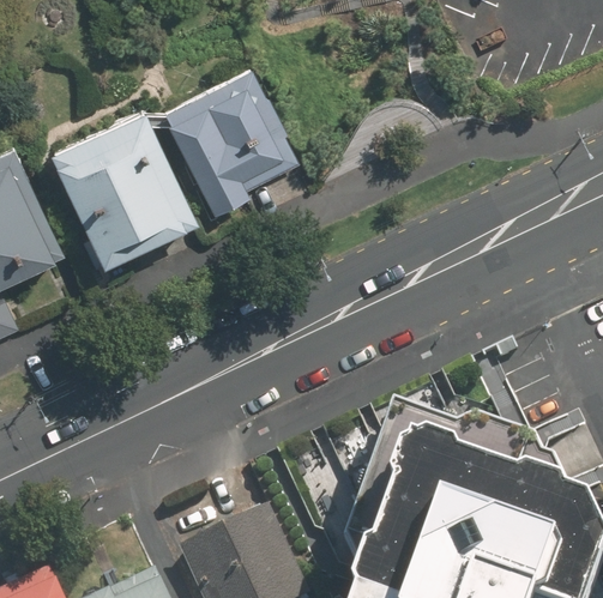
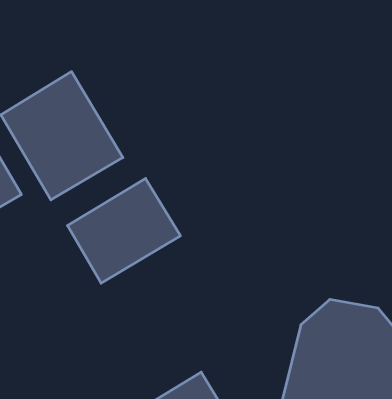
building: [162,71,297,218] -> none
building: none -> [67,178,180,283]

